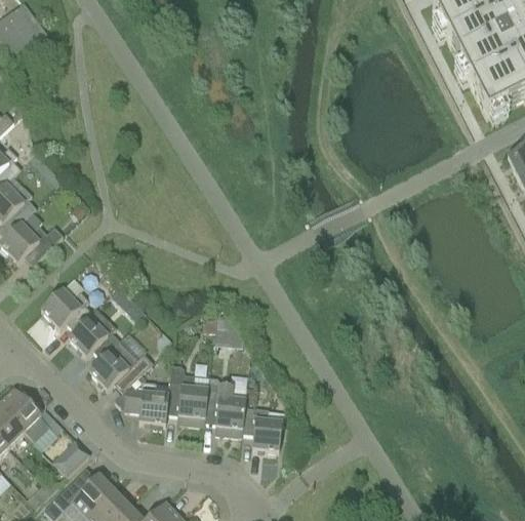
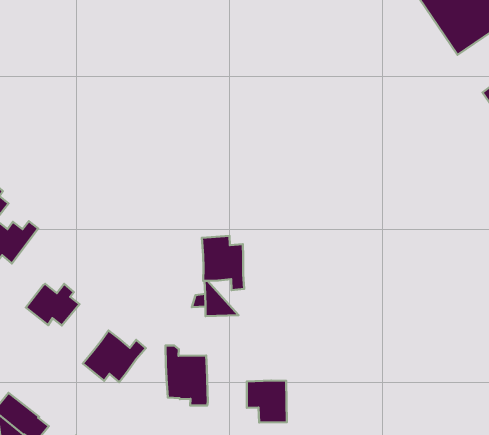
building: none -> [202,236,244,290]
building: [68,309,120,359] -> none
building: [114,372,168,429] -> none
building: [205,377,247,436] -> none

